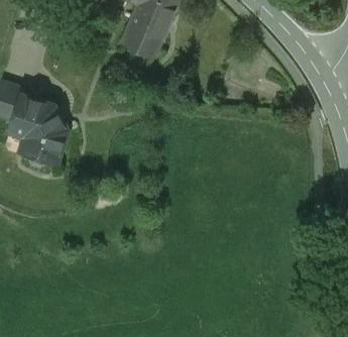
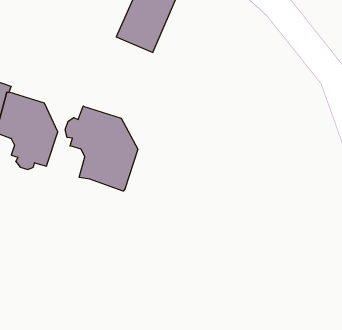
building: none -> [65,106,138,191]

